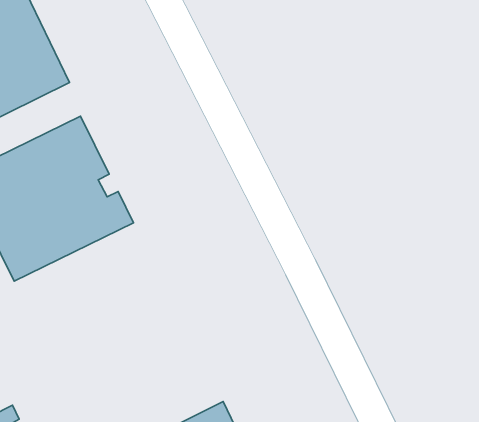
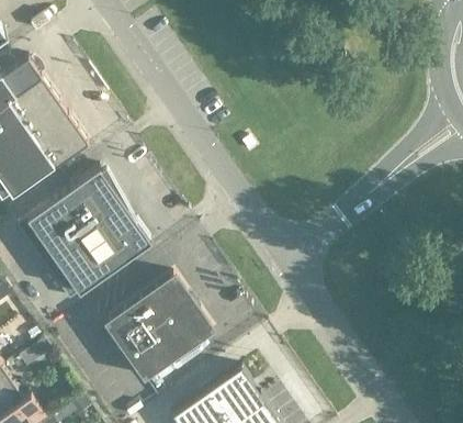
building: none -> [104,277,213,381]

